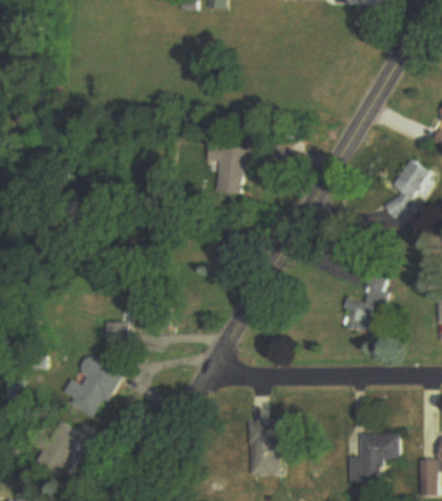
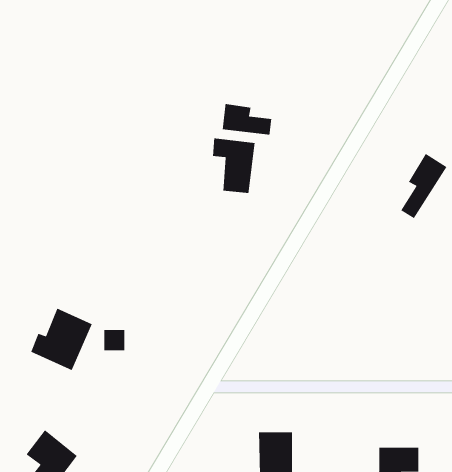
building: none -> [222,103,272,136]
building: [341,268,388,332] -> none
building: [63,353,122,413] -> [30,307,93,371]

